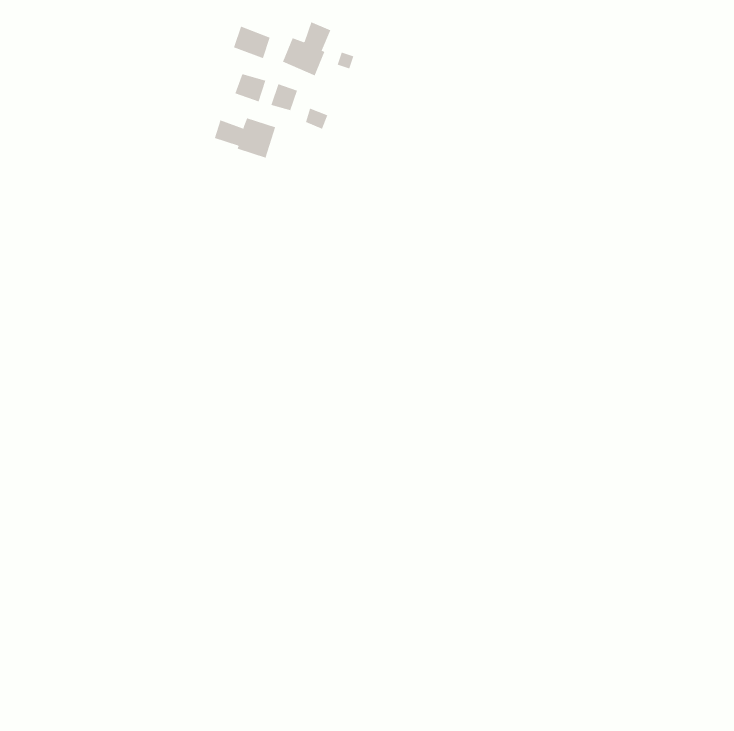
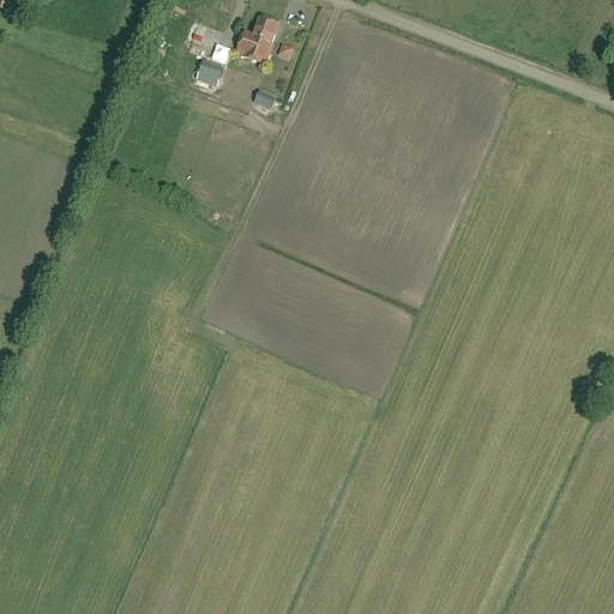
building: [214,117,276,159] -> none

